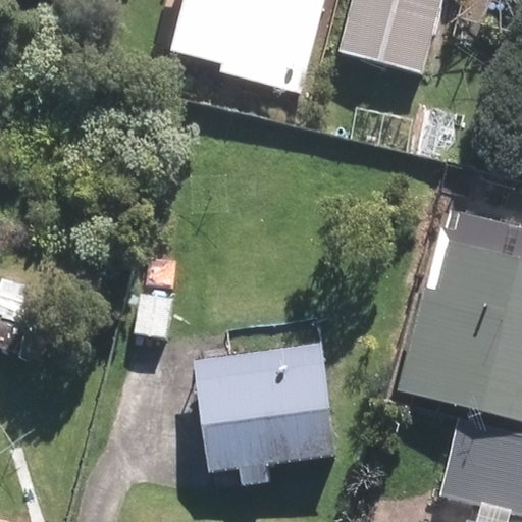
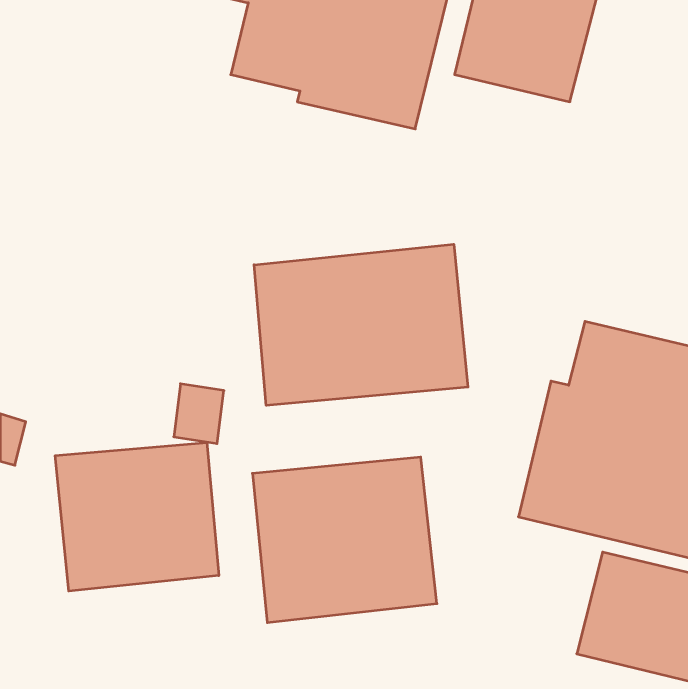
building: none -> [254,244,468,405]
building: none -> [55,442,219,591]

